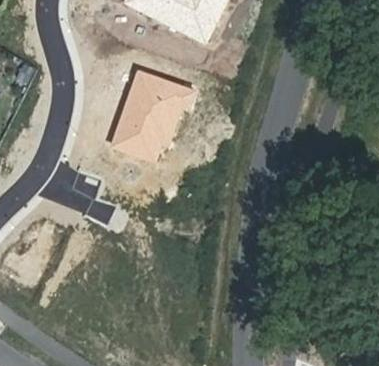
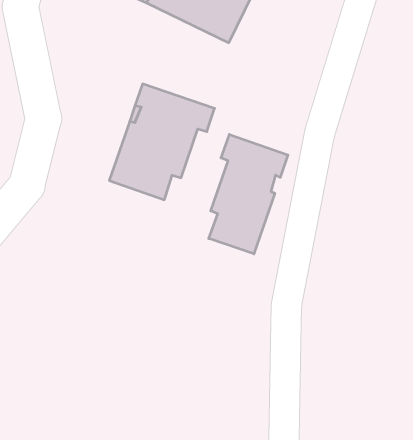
building: none -> [209,134,288,254]

